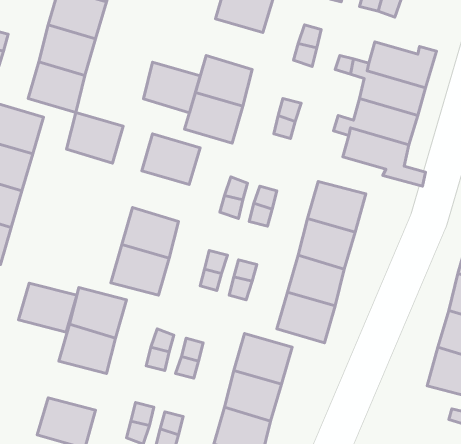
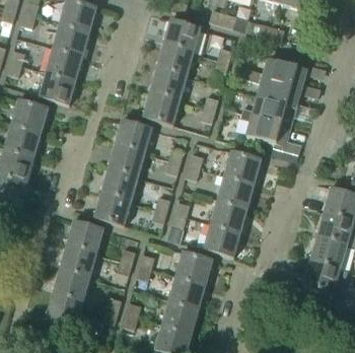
building: [143,62,200,113] -> [156,43,194,76]
building: [66,112,123,163] -> [108,143,145,176]
building: [18,283,77,332] -> [52,269,90,301]

